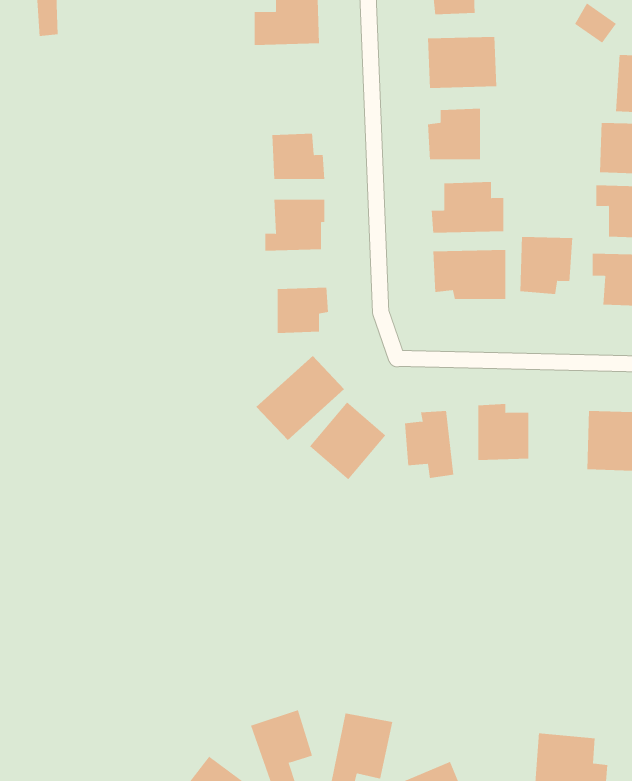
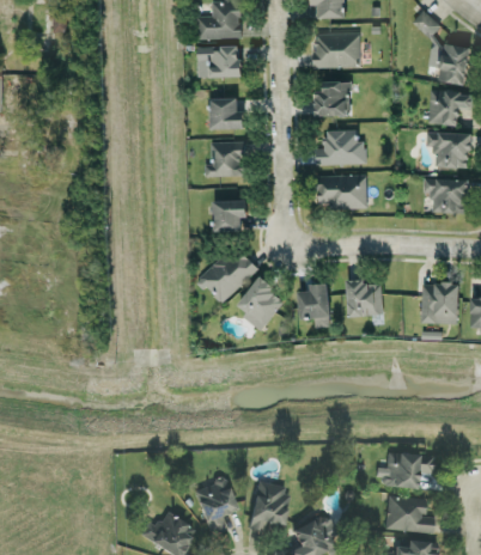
building: none -> [197,44,240,77]
building: [520,236,573,295] -> none
building: none -> [378,456,433,490]

